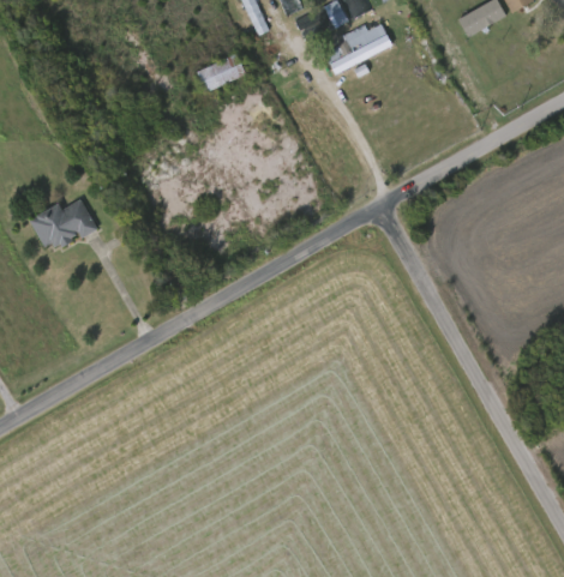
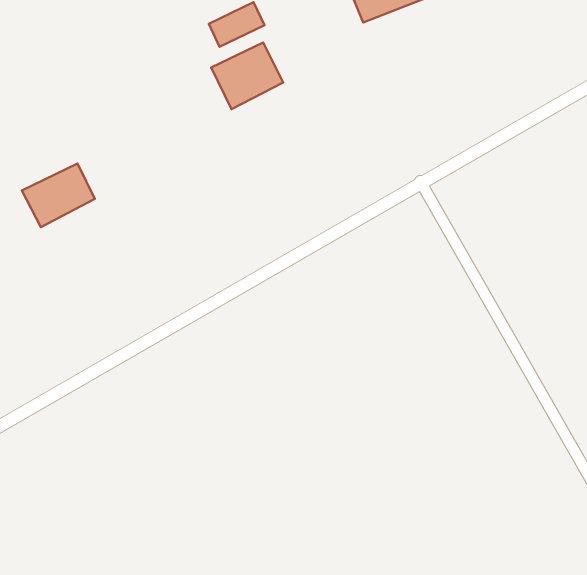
building: none -> [211,43,283,109]

